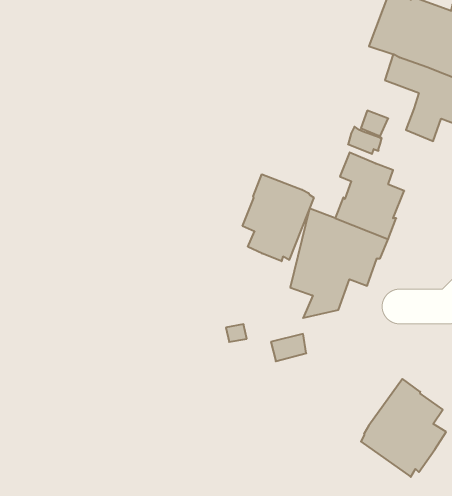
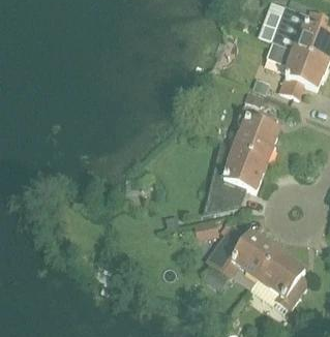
building: [243,174,314,261] -> none
building: none -> [207,229,279,283]

